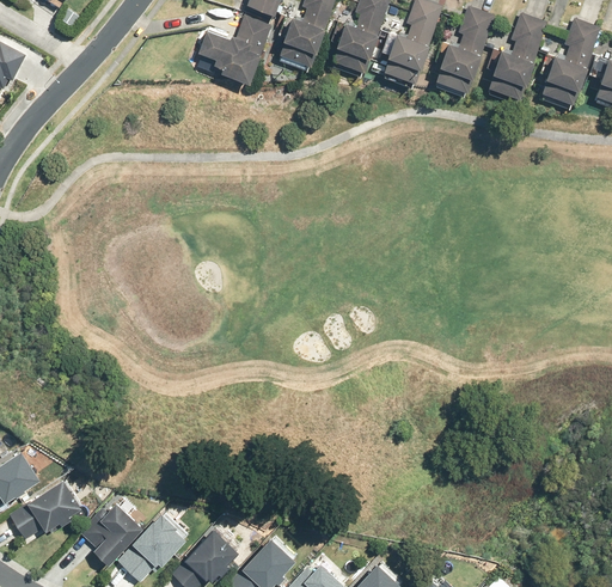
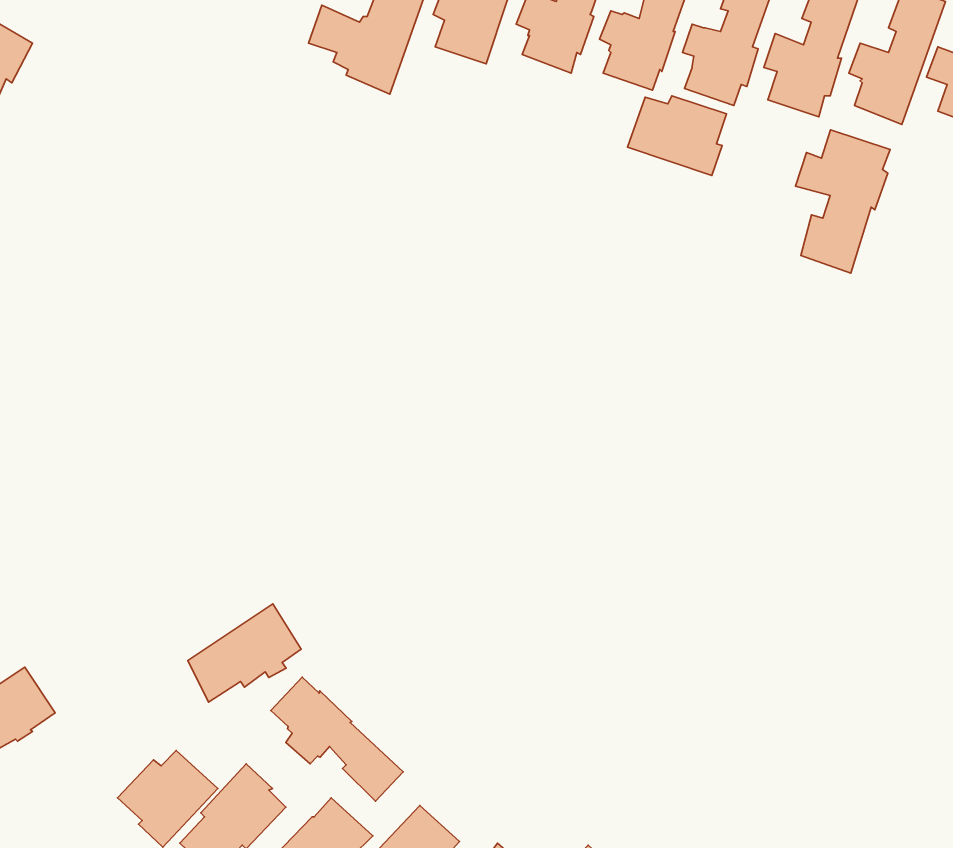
building: none -> [628,96,727,175]
building: none -> [796,130,890,273]
building: none -> [271,677,403,801]
building: [10,481,81,543] -> [188,604,301,702]

